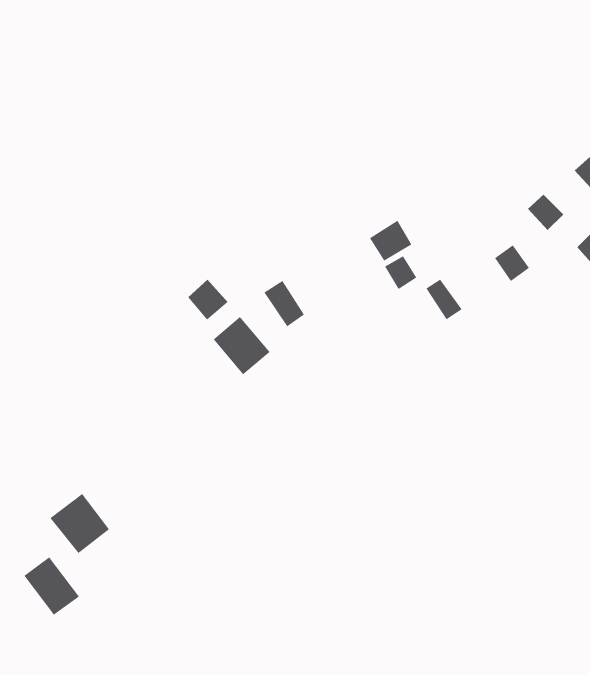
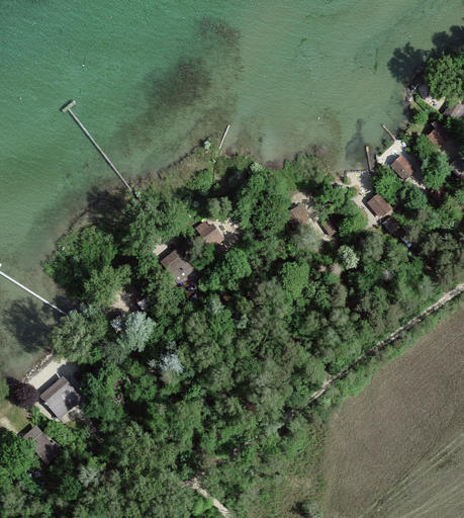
building: [369,220,412,261] -> none
building: [187,279,229,320] -> none

